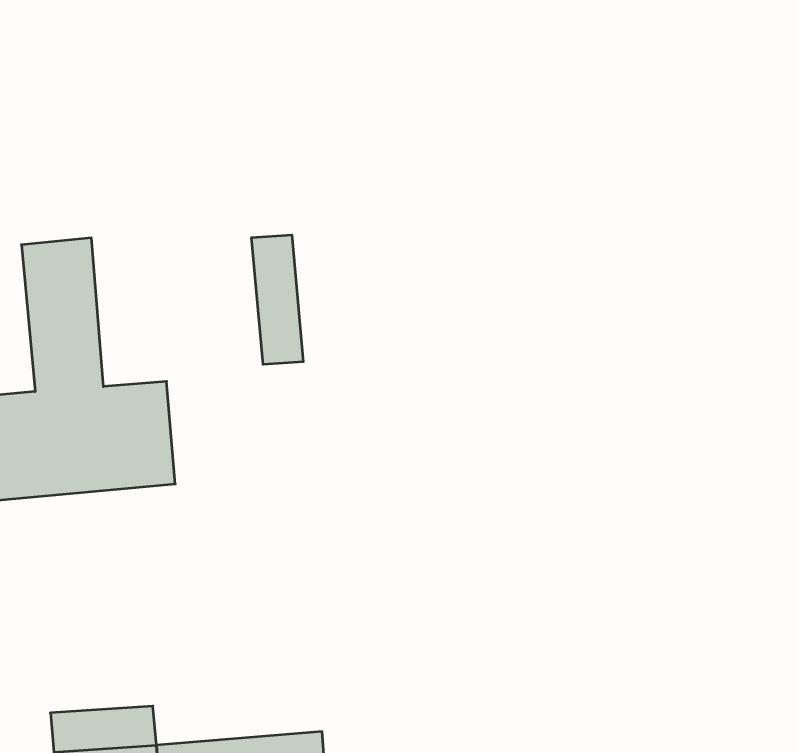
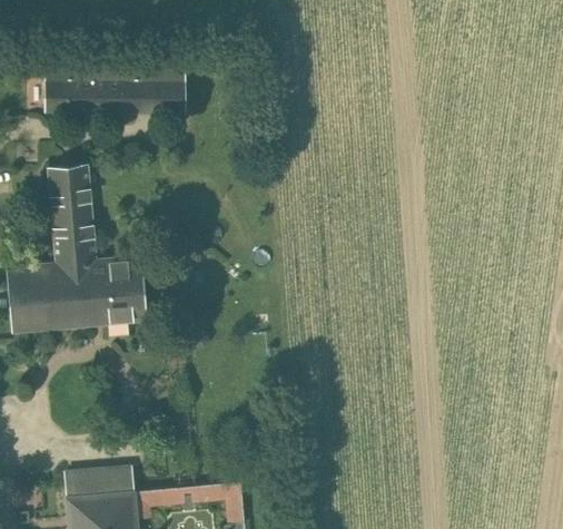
building: none -> [42,55,185,111]
building: [252,235,303,364] -> none

